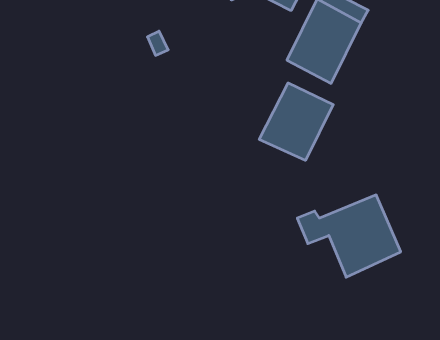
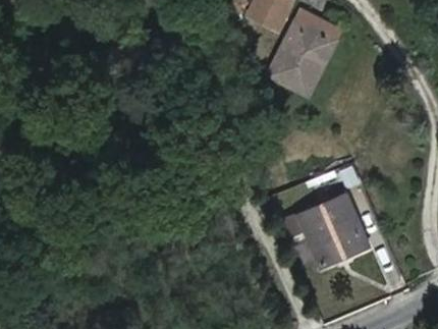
building: [259,83,333,160] -> none

